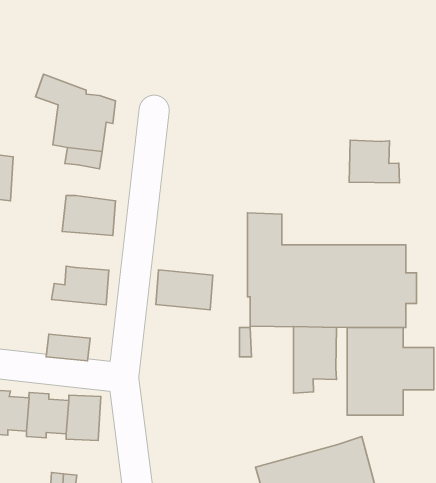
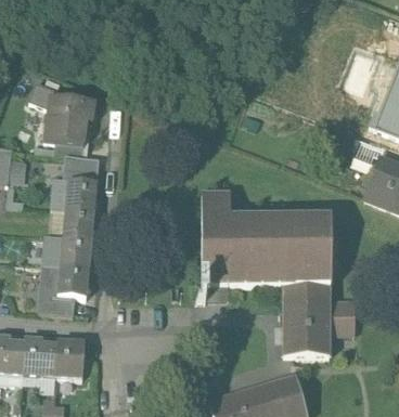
building: [349,140,400,183] -> none
building: none -> [63,153,99,182]
building: none -> [63,208,93,238]
building: [156,270,213,310] -> [41,262,88,295]
building: [294,327,337,393] -> none

